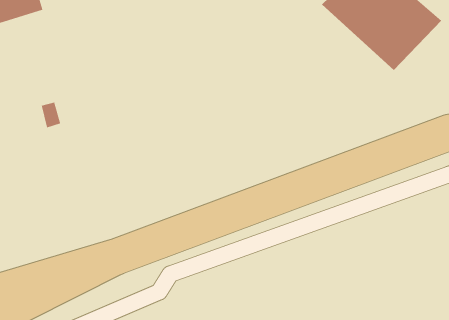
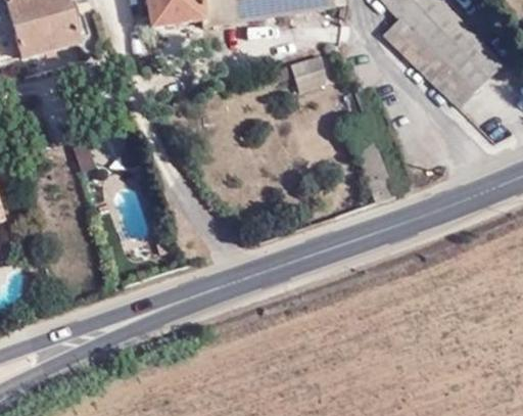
building: none -> [289,54,328,92]

